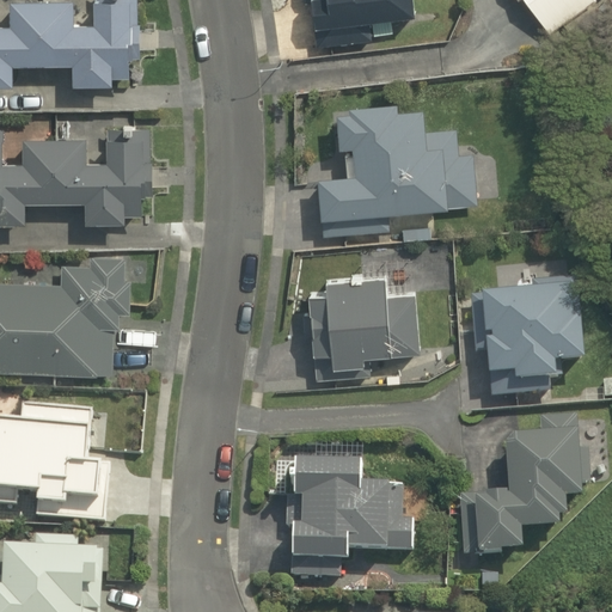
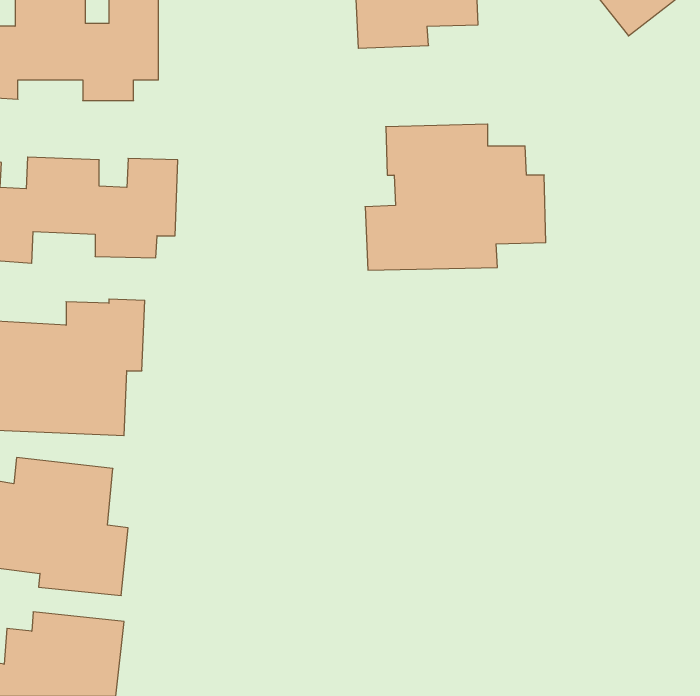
building: [469,273,582,399] -> none
building: [307,279,416,375] -> none
building: [457,412,582,556] -> none
building: [290,461,412,583] -> none

